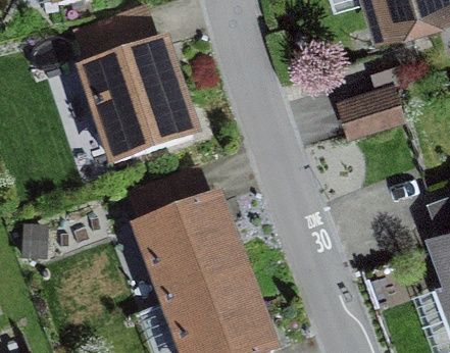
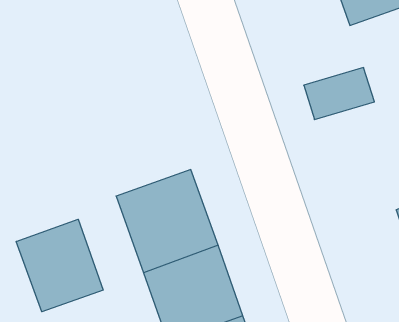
building: [63,38,191,162] -> none
building: none -> [16,219,103,312]

